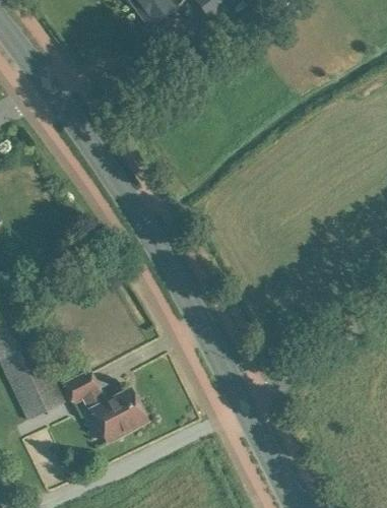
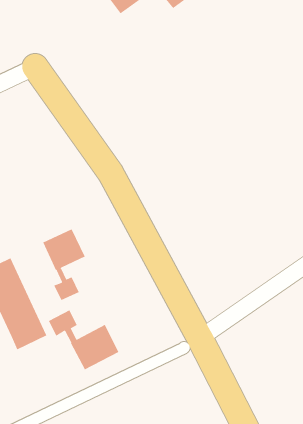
building: none -> [42,229,85,301]

